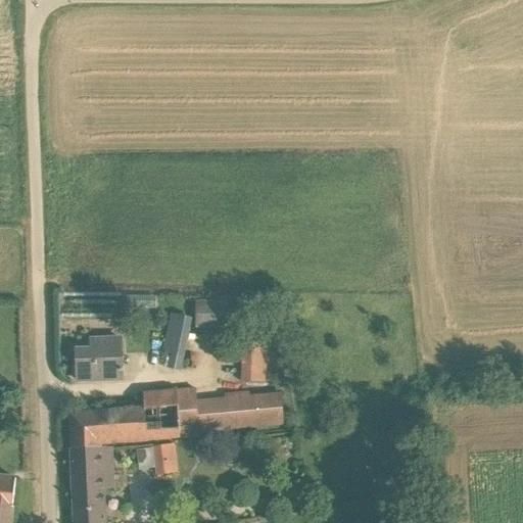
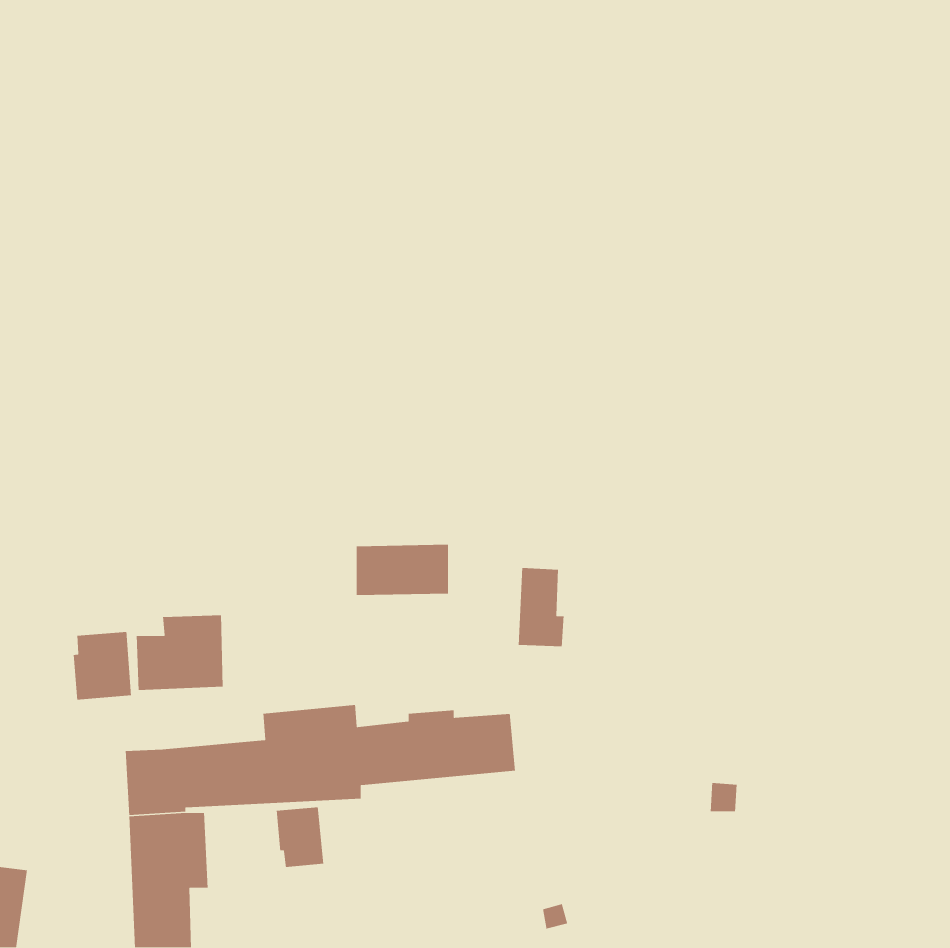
building: [161,312,191,354] -> none
building: [240,337,266,381] -> [518,567,564,647]
building: none -> [73,631,132,700]

